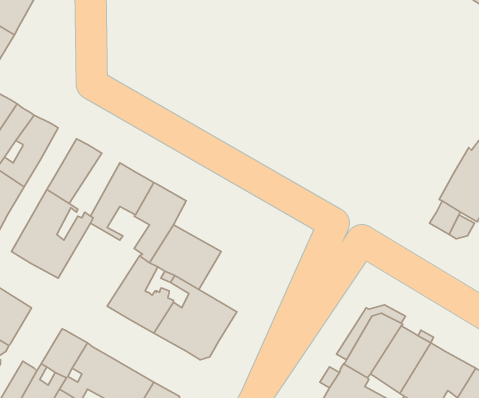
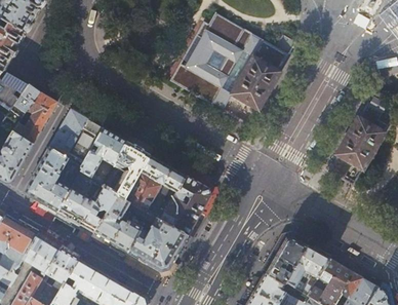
building: none -> [171,21,289,110]
building: none -> [66,119,103,165]
building: none -> [142,154,211,235]
building: none -> [57,170,119,231]
building: none -> [23,236,58,278]

